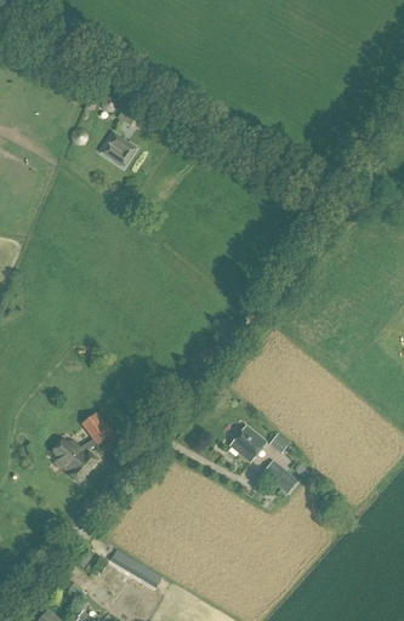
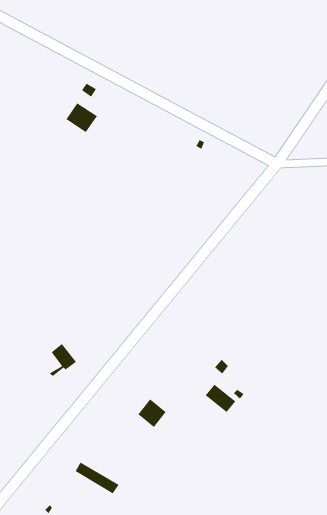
building: [231,426,264,460] -> [137,399,167,428]
building: [52,440,96,480] -> none

